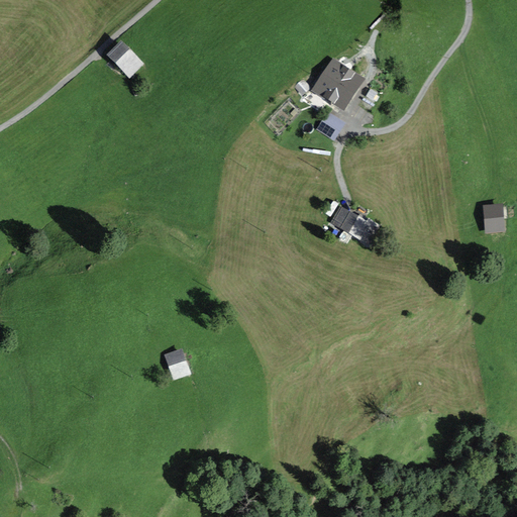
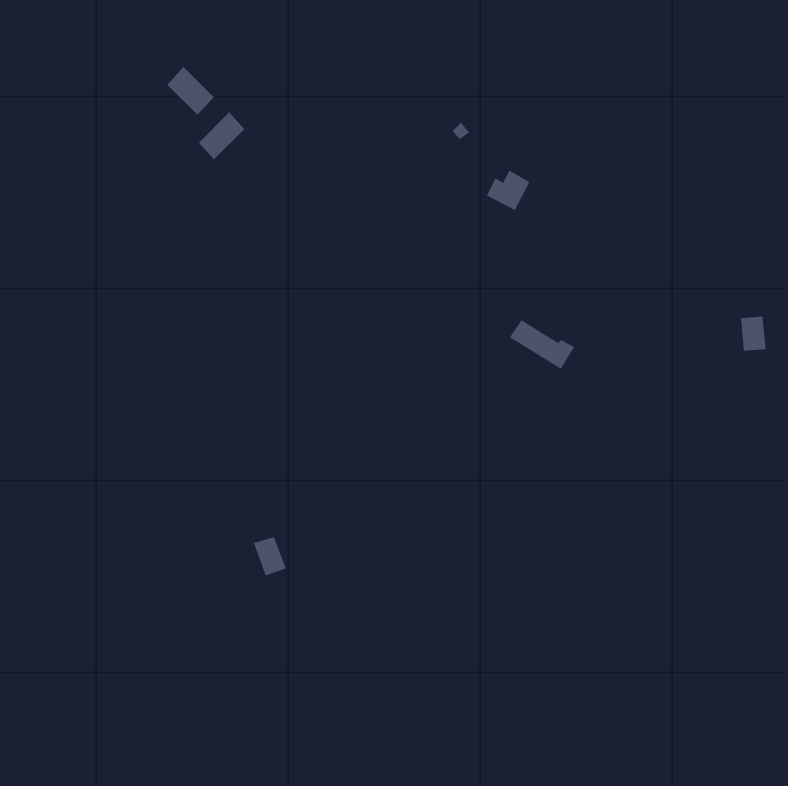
building: [313,64,360,106] -> none
building: none -> [198,112,245,160]

